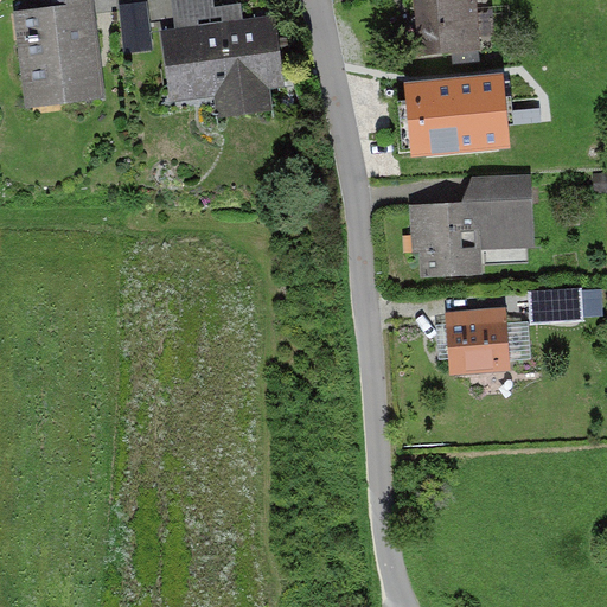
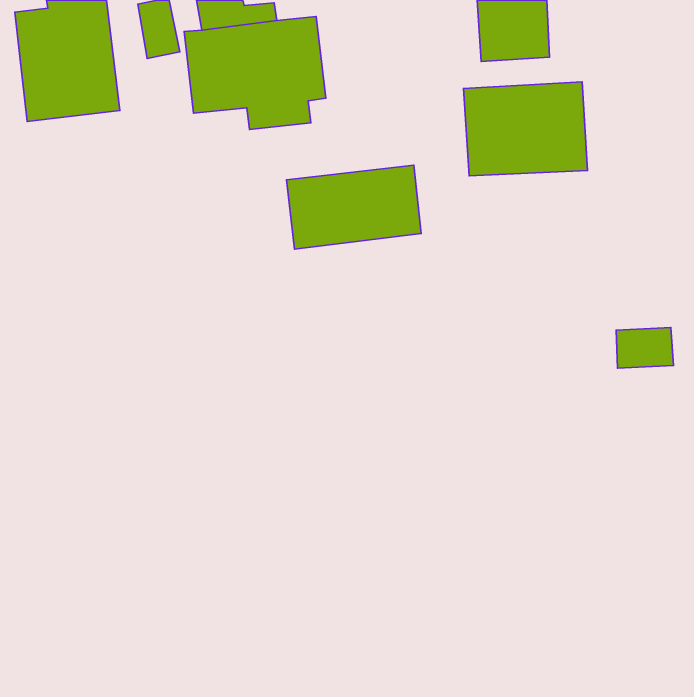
building: none -> [287,165,421,249]
building: [410,174,532,276] -> none
building: [446,308,509,373] -> none

